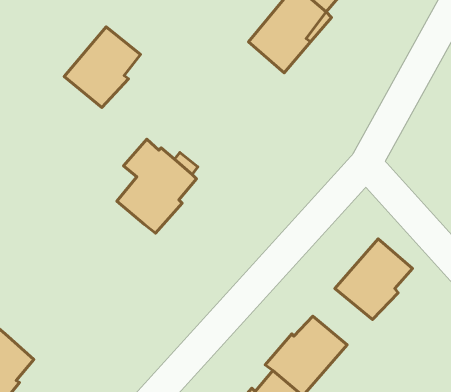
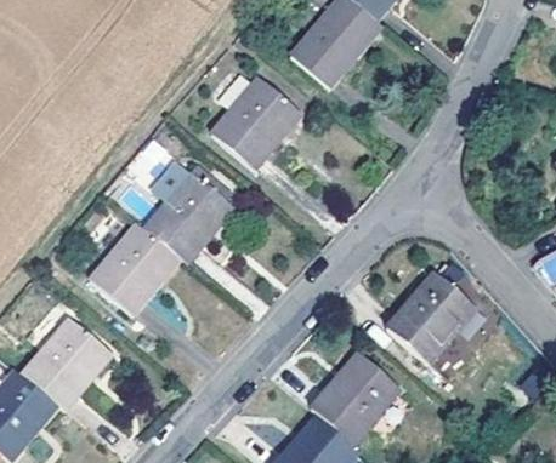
building: [64,27,141,108] -> [211,75,295,164]
building: none -> [93,222,177,311]
building: none -> [24,319,108,410]

